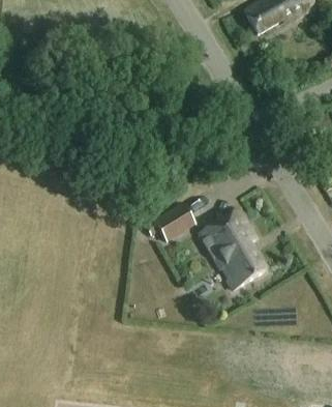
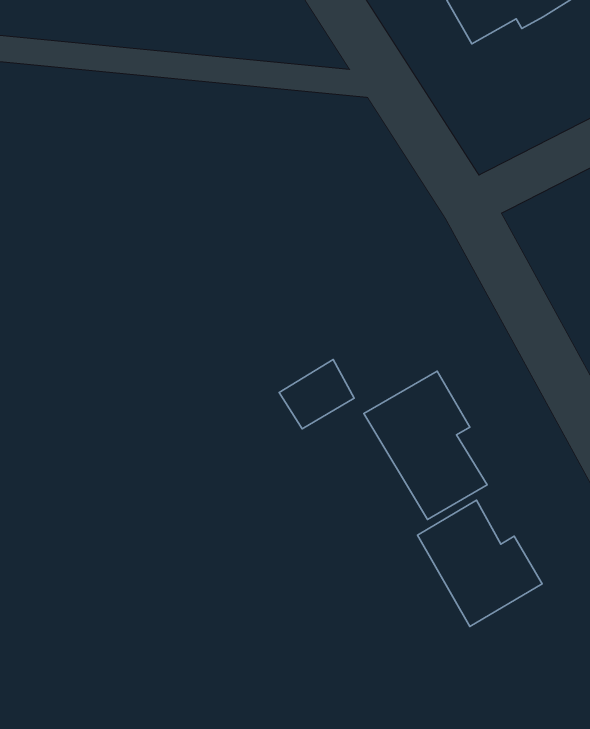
building: none -> [418,500,542,627]

